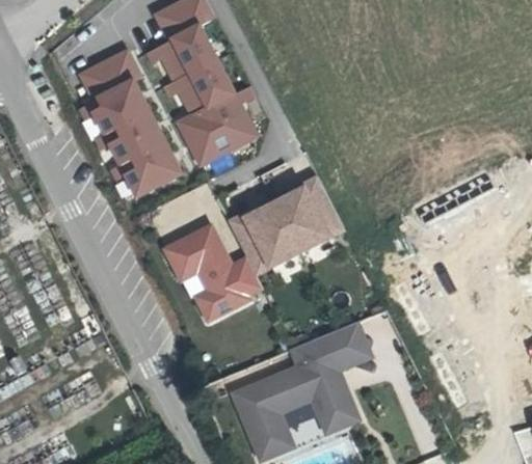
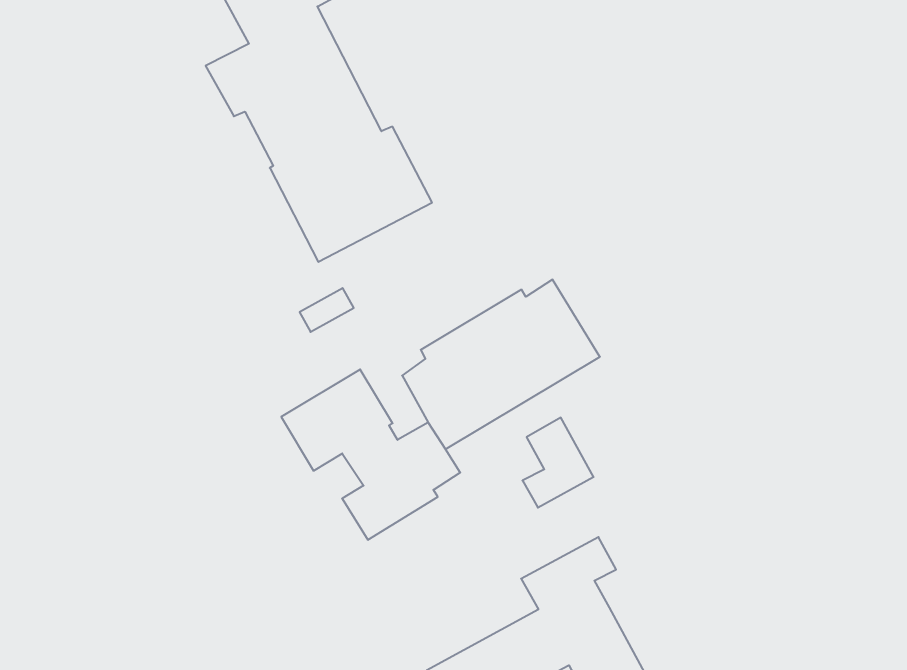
building: [75,48,179,198] -> none
building: [332,320,372,369] -> [522,418,594,508]

